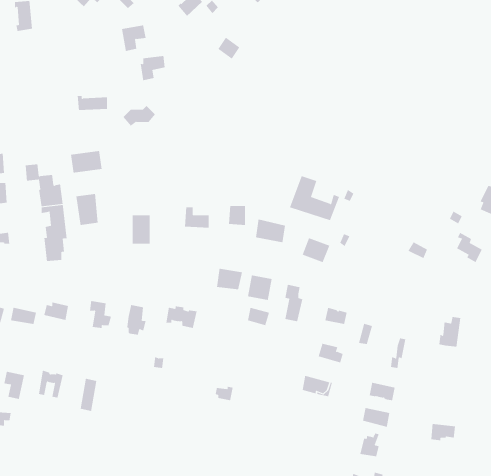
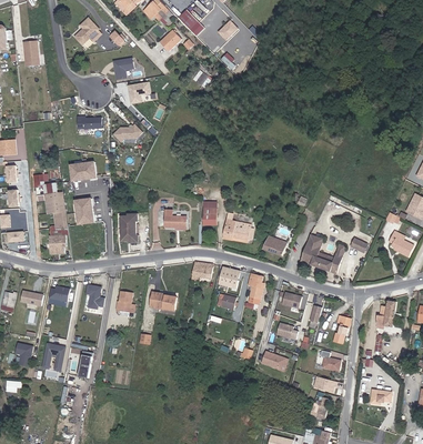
building: [289,175,340,221] -> [300,235,342,273]

